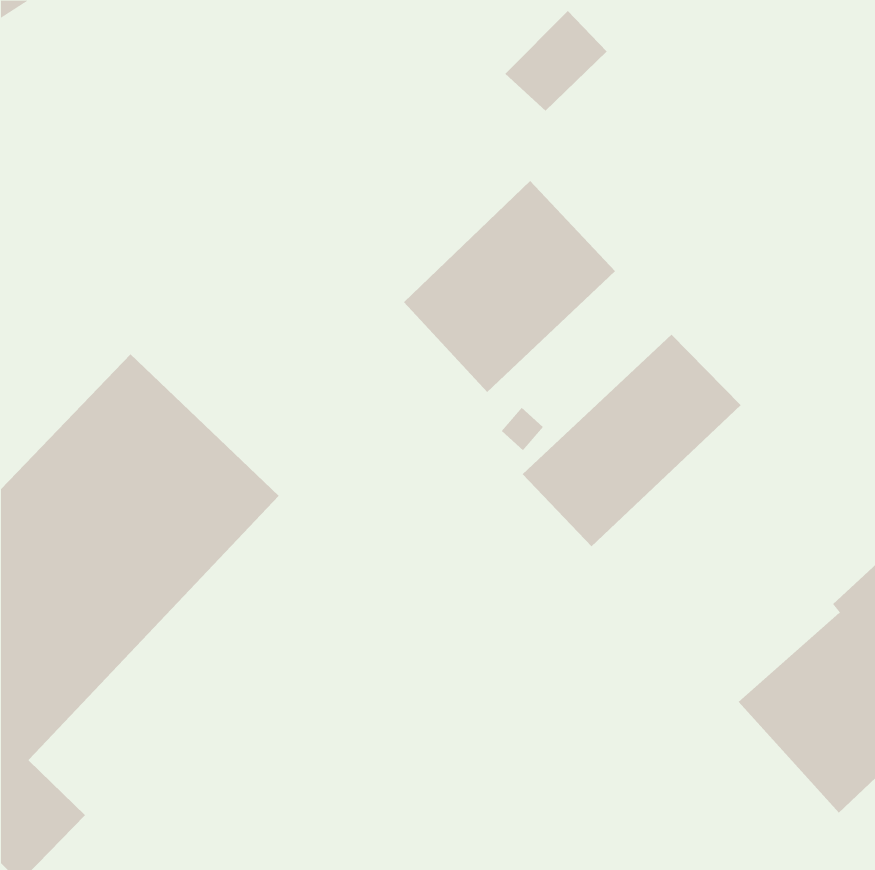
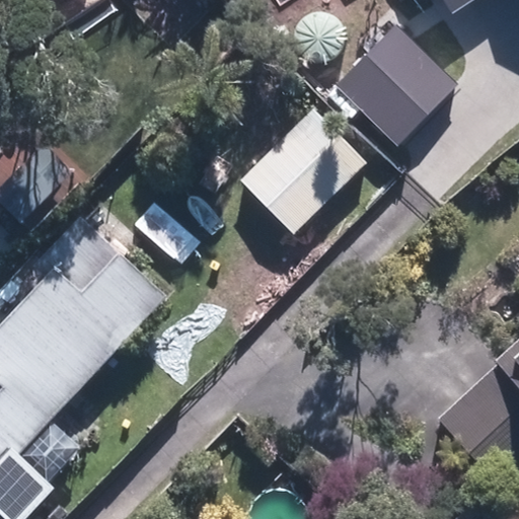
building: none -> [333,22,460,148]
building: [522,334,741,547] -> none

